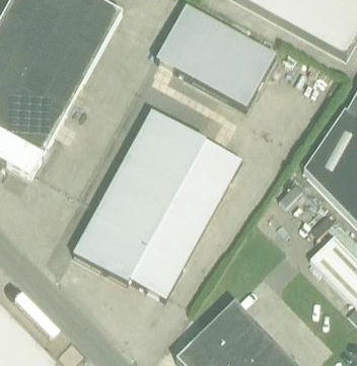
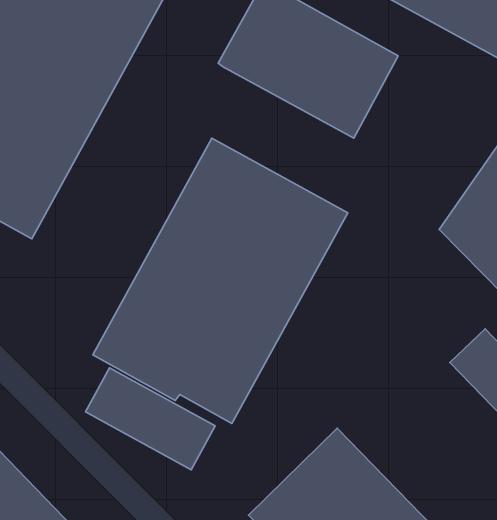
building: none -> [85,368,215,470]

